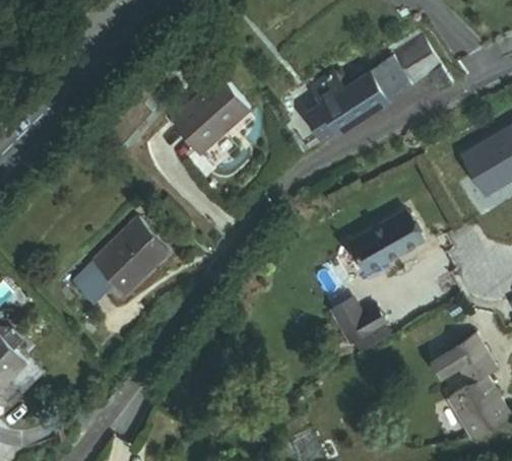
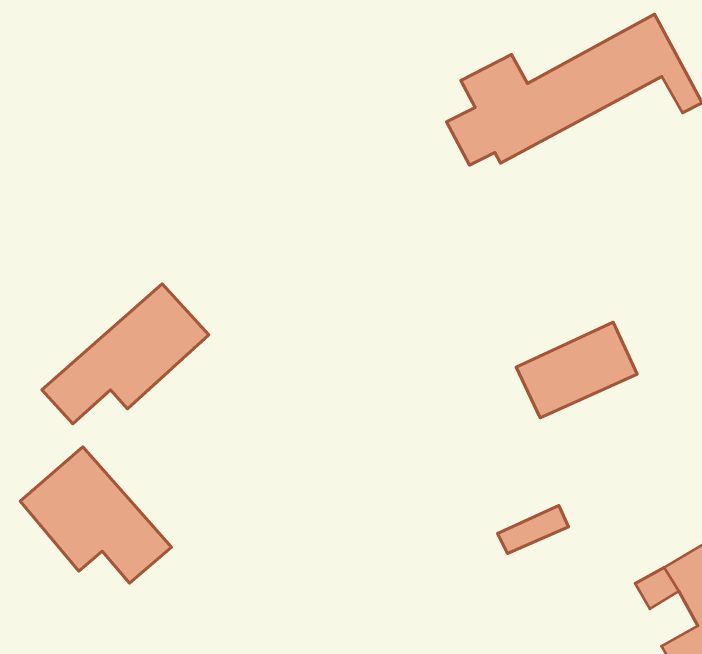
building: [176,82,254,159] -> none
building: [331,304,383,346] -> none
building: none -> [20,447,171,583]

